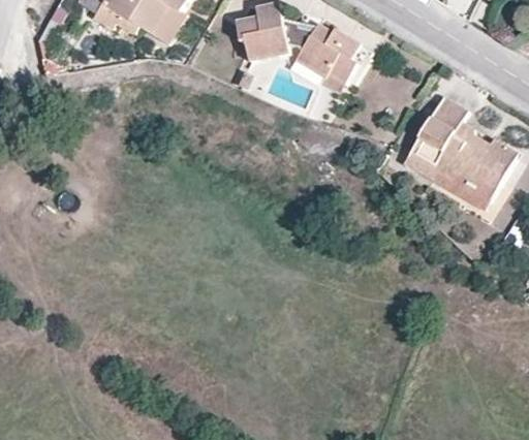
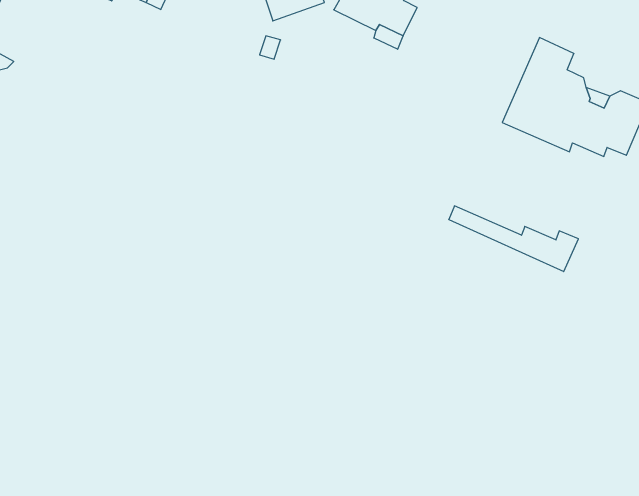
building: [403,154,496,211] -> [449,206,578,272]

